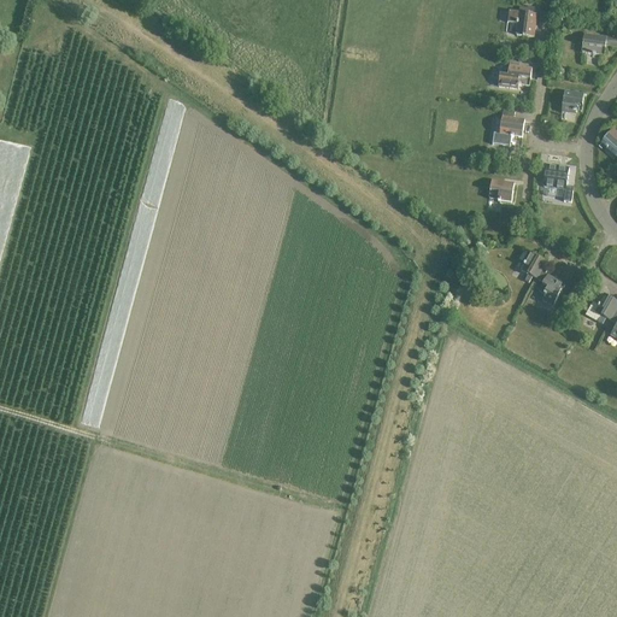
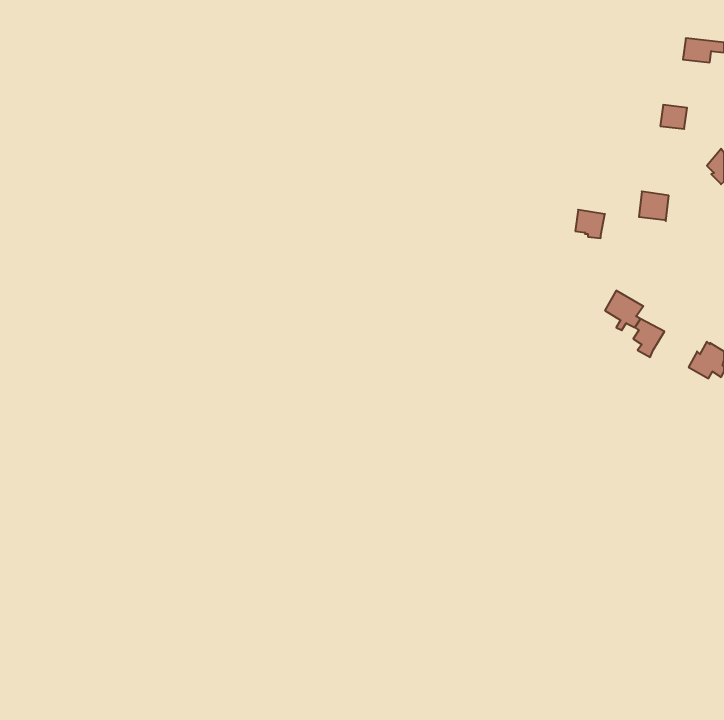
building: [507,8,536,35] -> none
building: [499,57,531,87] -> none
building: [498,108,524,143] -> none

